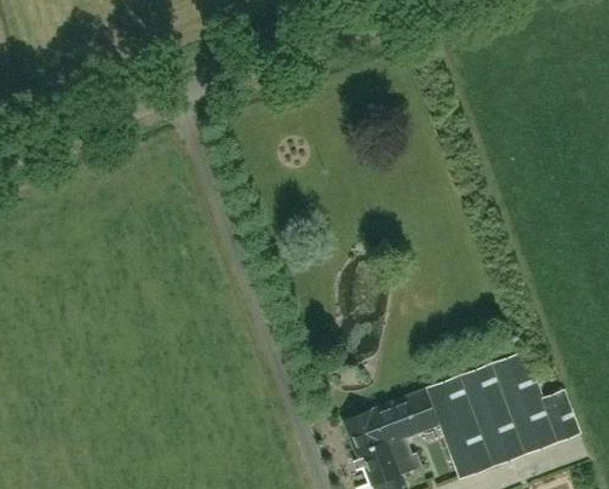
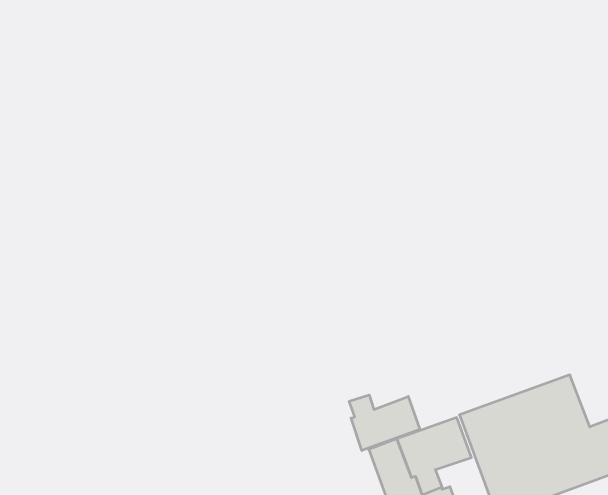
building: none -> [349,395,420,451]

